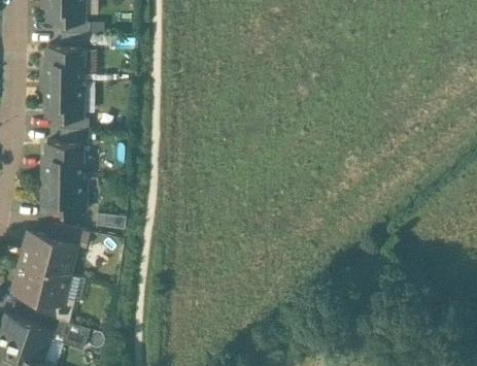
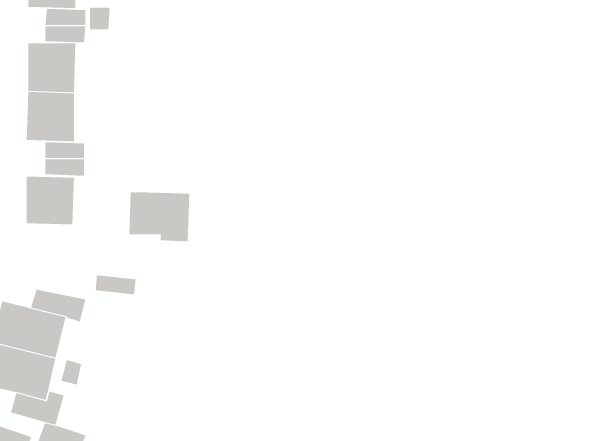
building: [39,177,83,213] -> [128,192,190,242]

